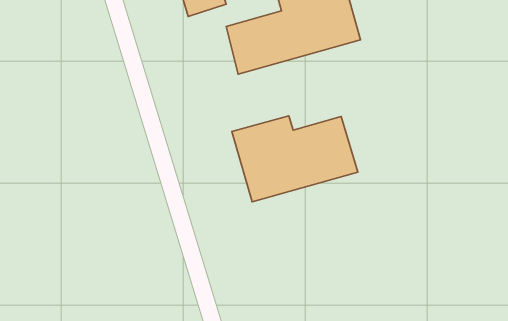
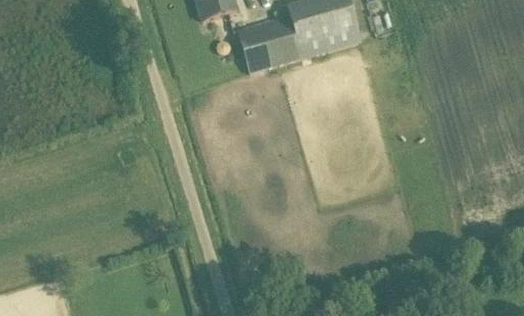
building: [232,116,358,202] -> none

